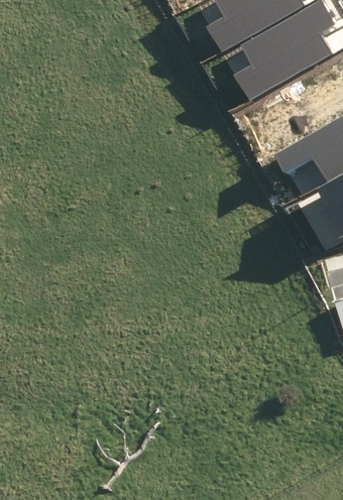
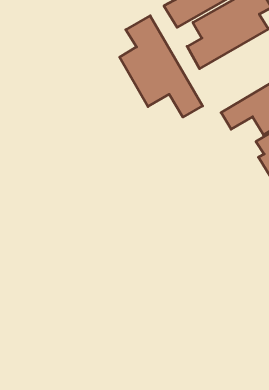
building: none -> [120,16,203,117]

